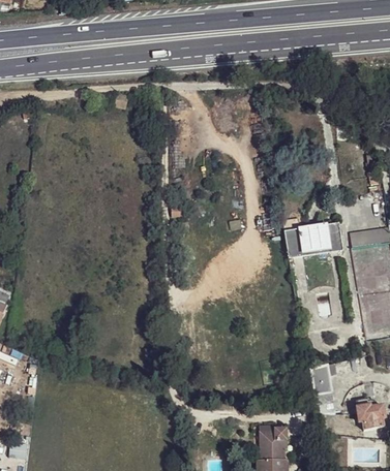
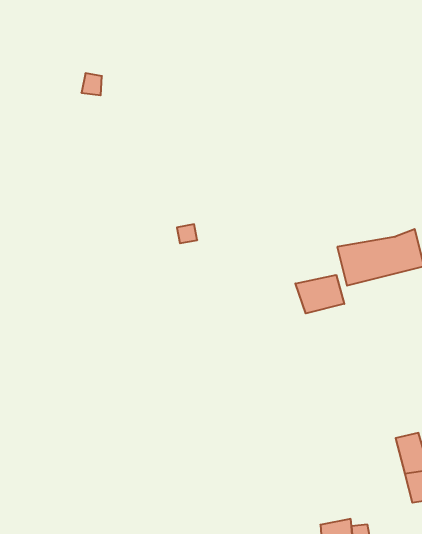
building: none -> [295,275,344,313]

